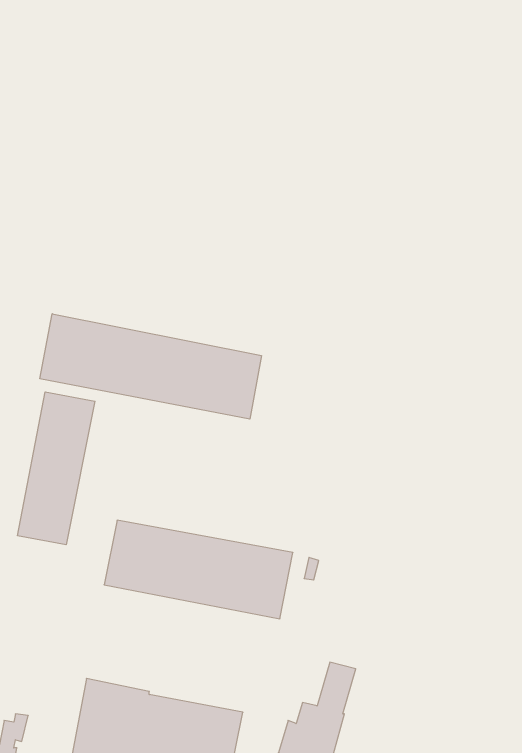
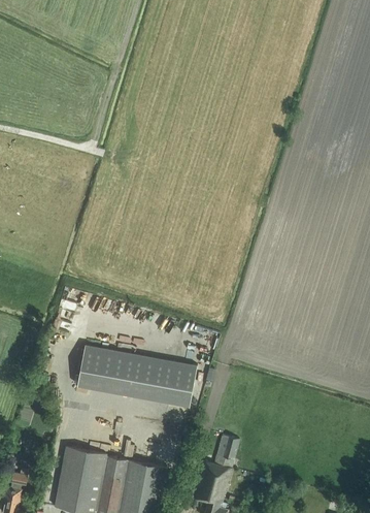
building: [40,314,261,419] -> none
building: [18,392,95,545] -> none

